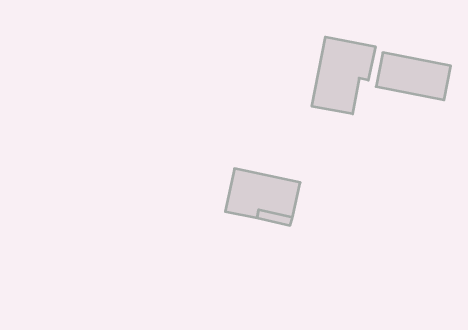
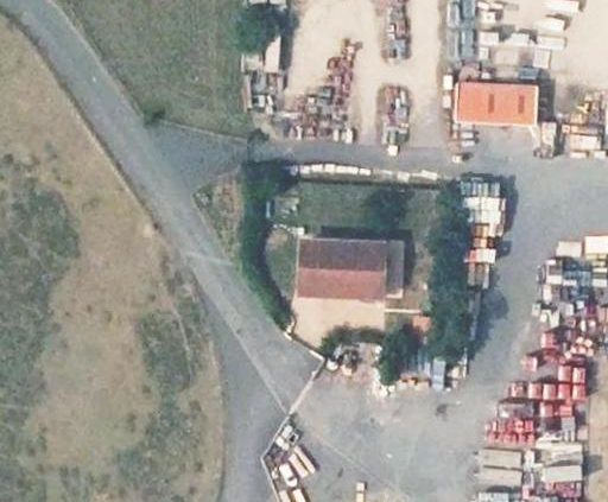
building: [312,37,375,114] -> none

